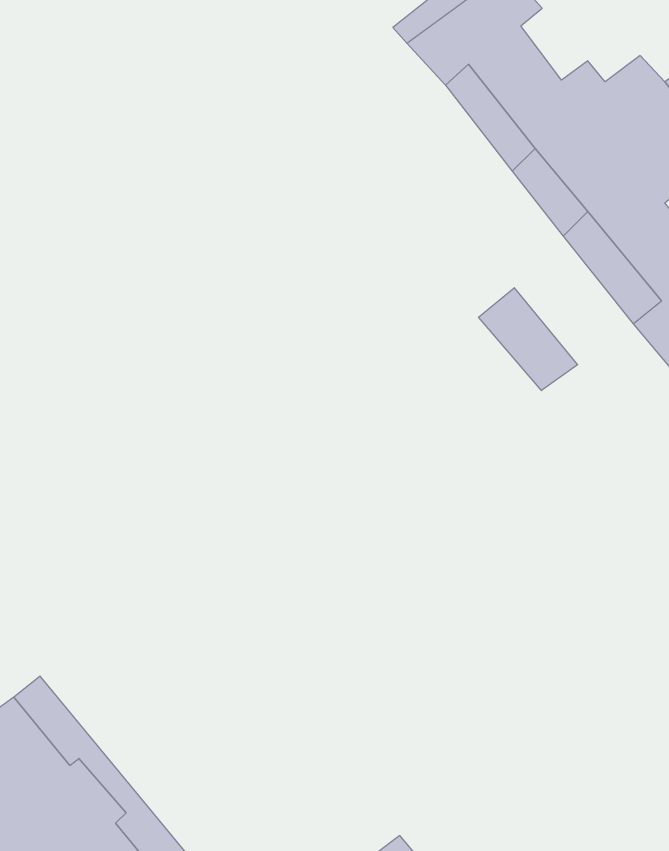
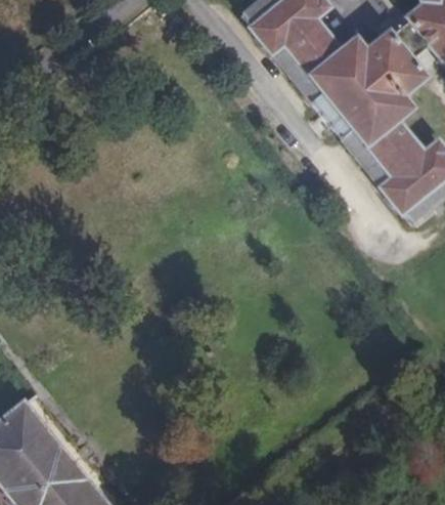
building: [479,288,578,391] -> none

